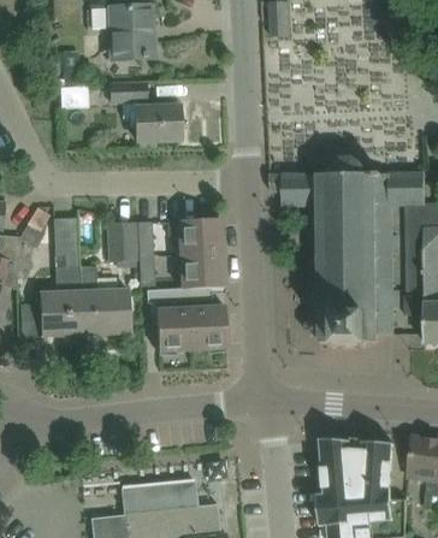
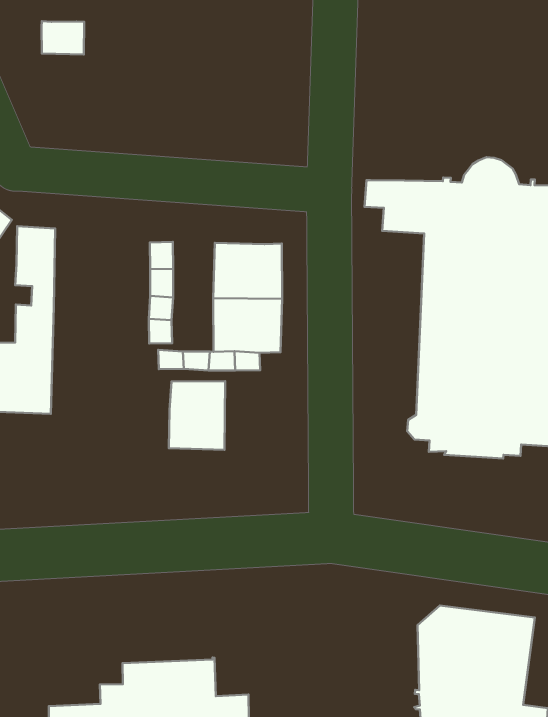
building: [111,83,180,141] -> none
building: [108,223,136,260] -> none
building: [79,266,130,335] -> none
building: [190,306,227,350] -> none

